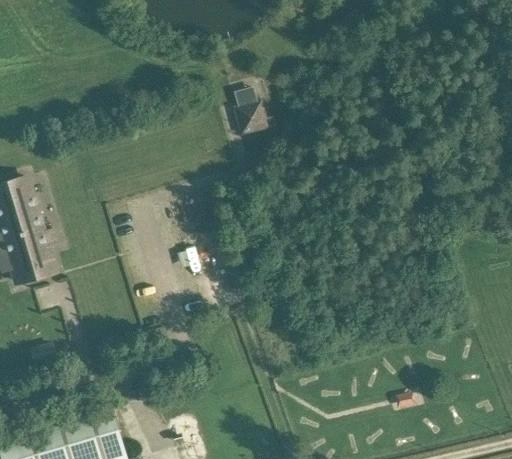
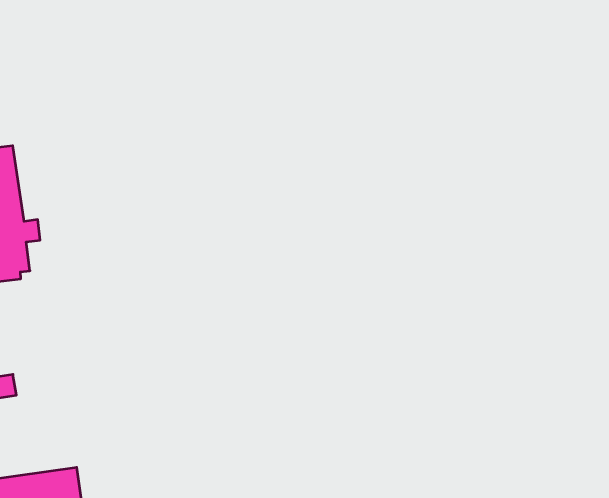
building: [237,102,276,134] -> none

